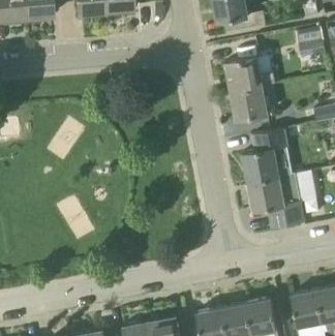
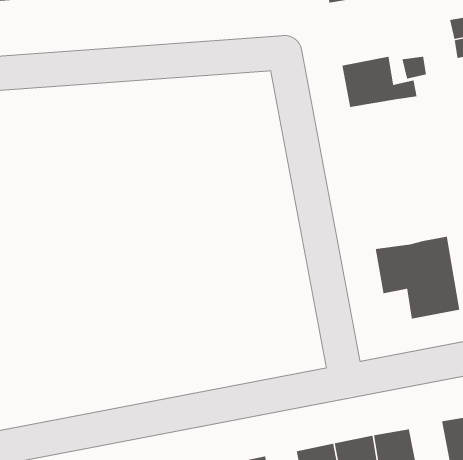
building: [231,84,267,118] -> none
building: [242,131,286,181] -> none

